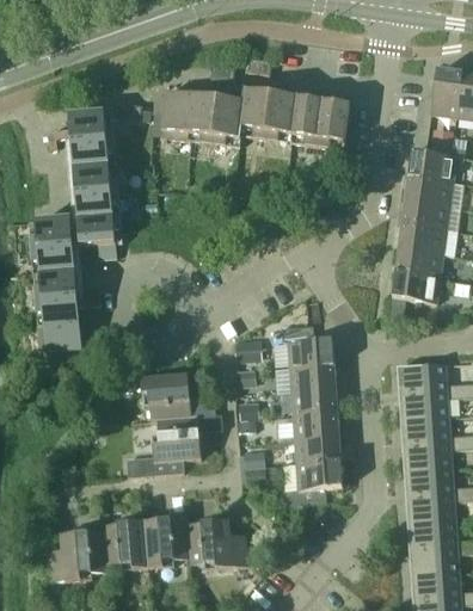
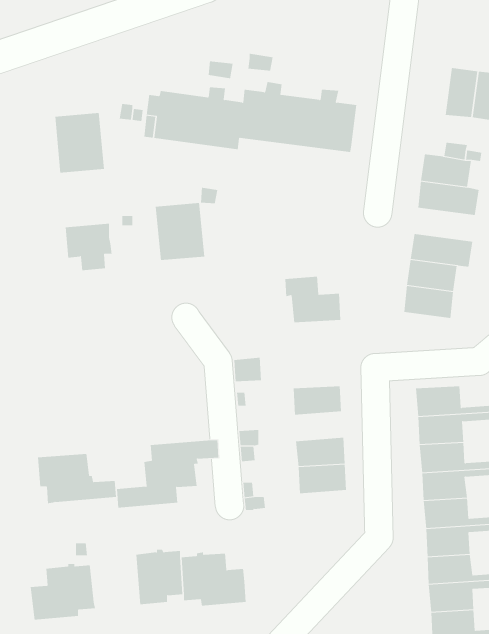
building: [73,162,119,216] -> [155,203,205,261]
building: [401,198,459,229] -> none
building: [29,216,81,364] -> none
building: [281,322,333,365] -> [284,276,341,323]
building: [140,372,214,419] -> [37,453,117,504]
building: [290,387,337,414] -> none
building: [282,459,342,505] -> none
building: [100,518,147,568] -> none

